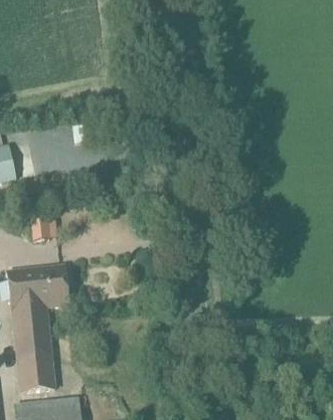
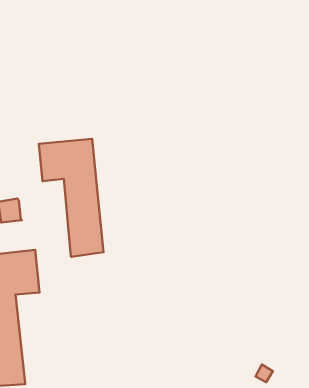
building: none -> [39,139,104,257]

